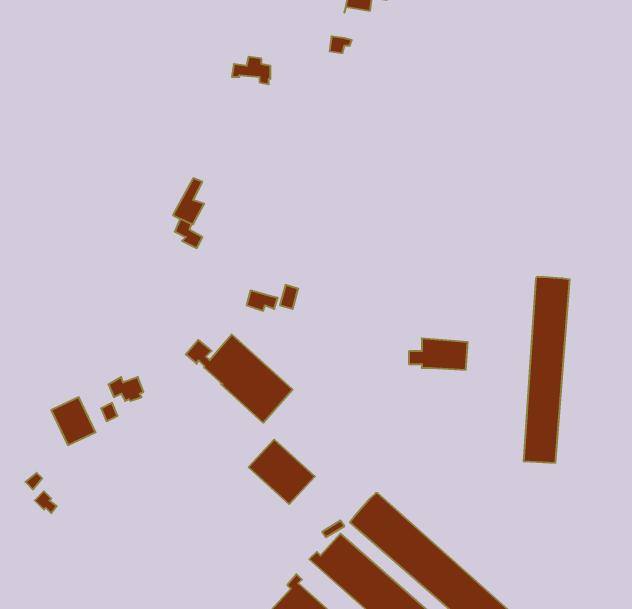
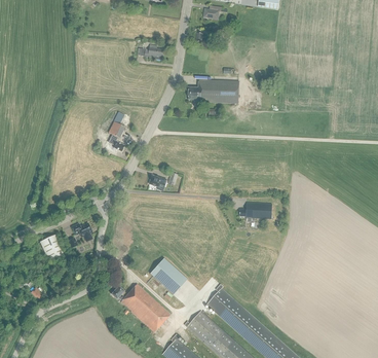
building: none -> [187,78,238,102]
building: [524,277,570,463] -> none
building: [186,334,293,423] -> [110,282,169,331]

